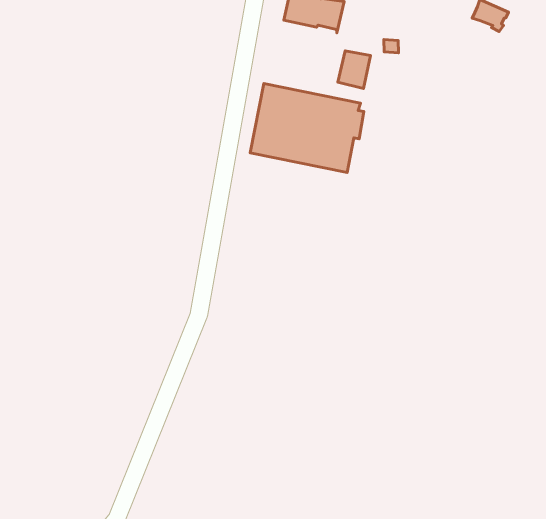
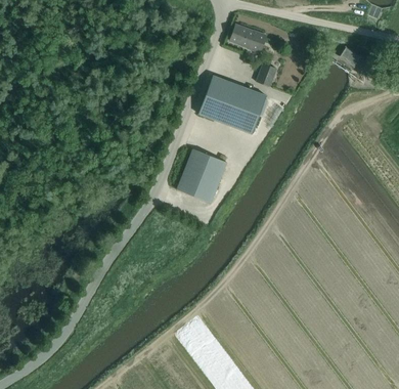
building: none -> [176,148,226,203]

